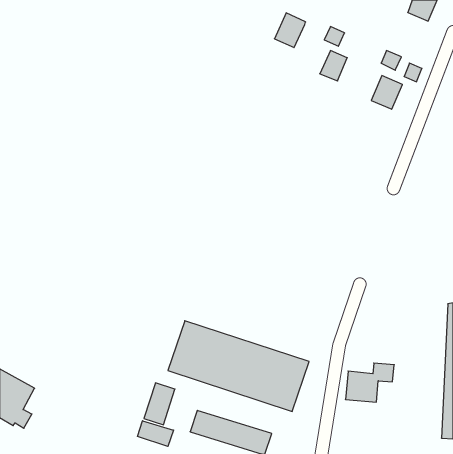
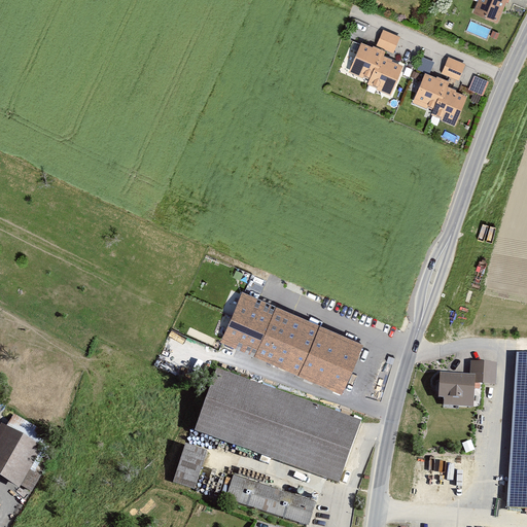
building: [274,13,306,48] -> [348,45,384,85]
building: none -> [413,75,445,111]
building: none -> [220,290,362,391]
building: [345,363,394,402] -> [436,359,493,405]
building: [138,421,174,446] -> none

